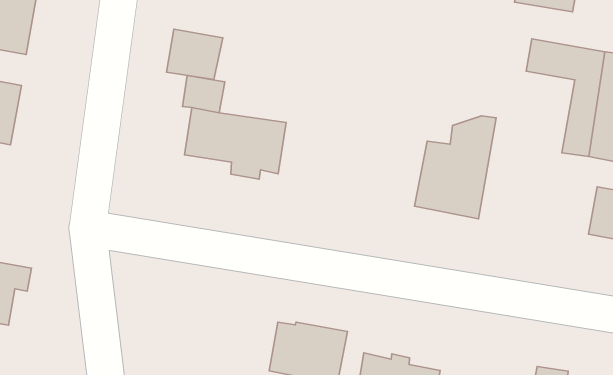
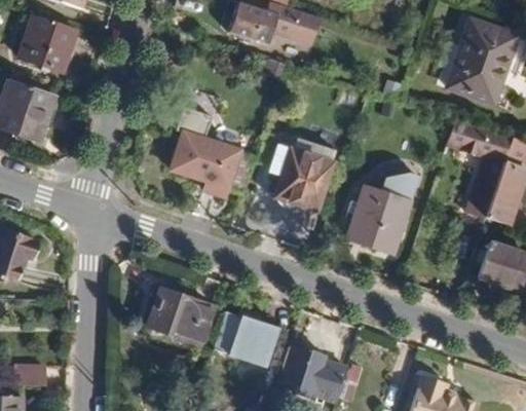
building: [167,29,223,80] -> none
building: none -> [272,146,333,209]
building: none -> [148,288,212,343]

